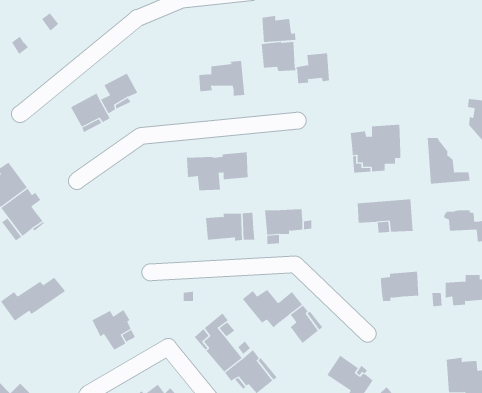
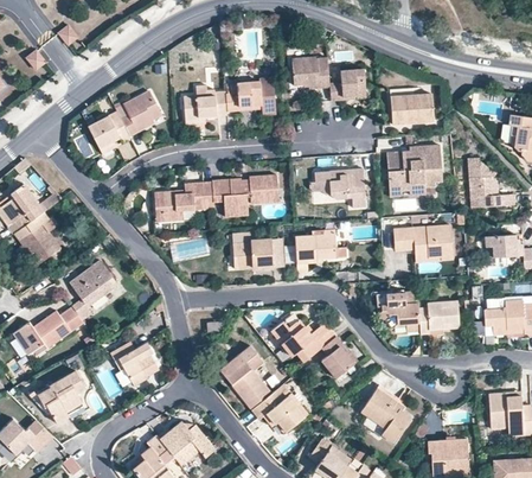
building: [262,15,296,43] -> none
building: none -> [184,87,226,120]
building: none -> [391,93,435,123]
building: none -> [312,168,365,206]
building: none -> [155,181,214,221]
building: none -> [71,261,117,320]
building: none -> [377,291,419,327]
building: none -> [38,370,85,421]

